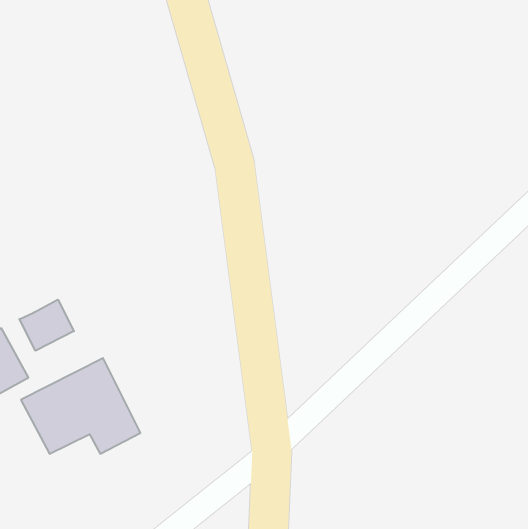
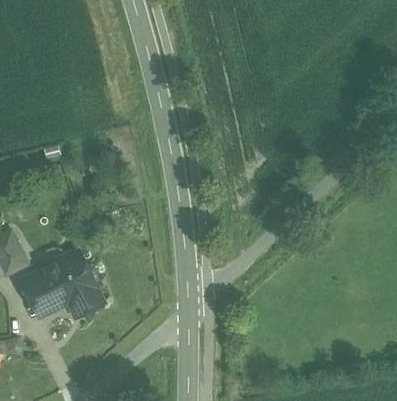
building: [19,300,74,351] -> none

